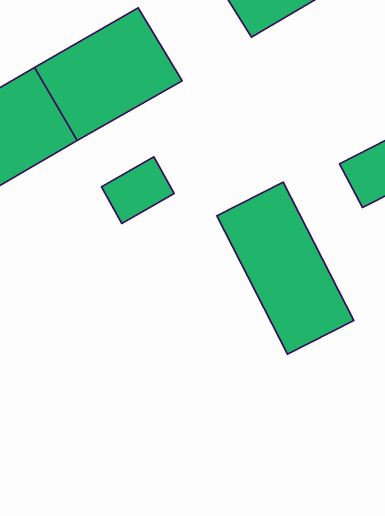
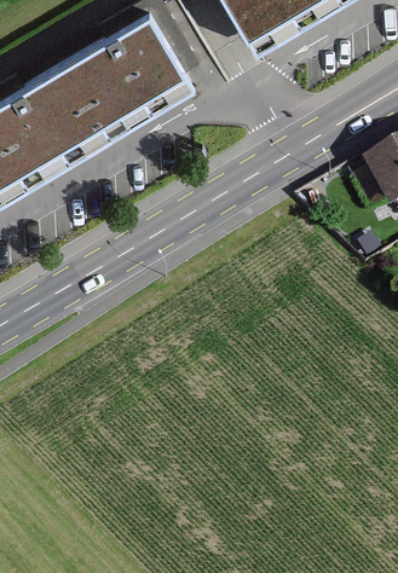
building: [101,157,174,223] -> none
building: [217,182,354,354] -> none

